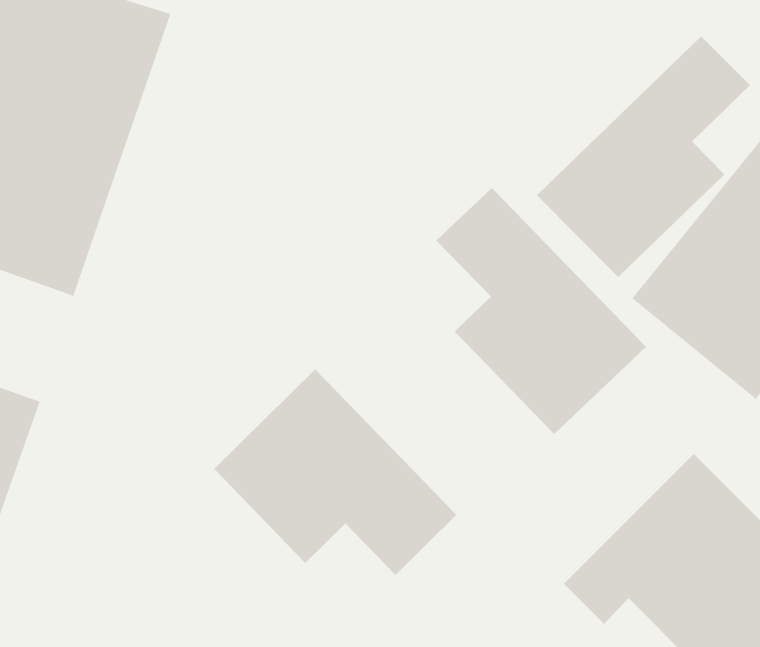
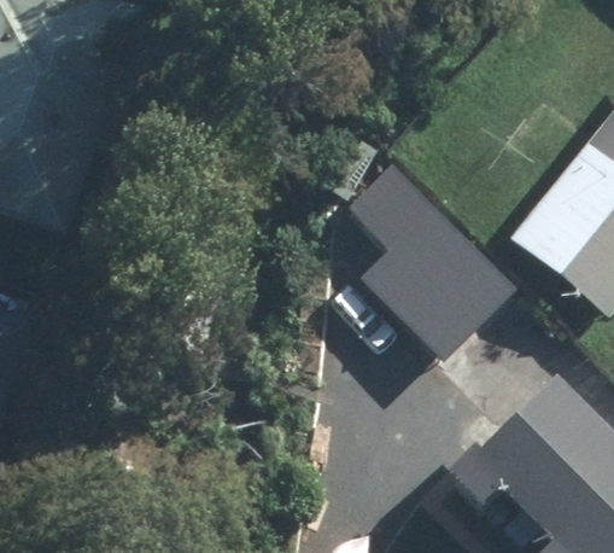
building: [536,35,751,278] -> none
building: [213,368,457,576] -> none

